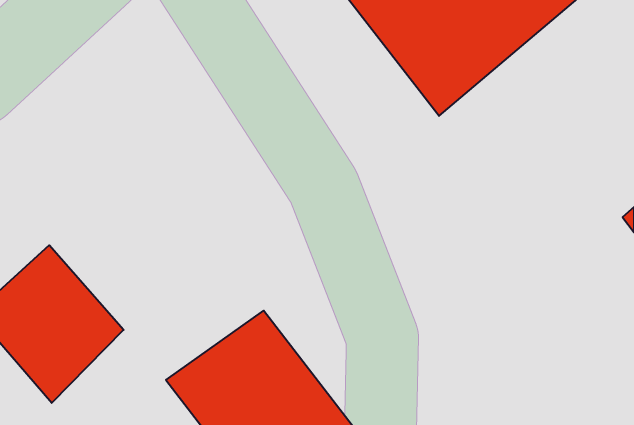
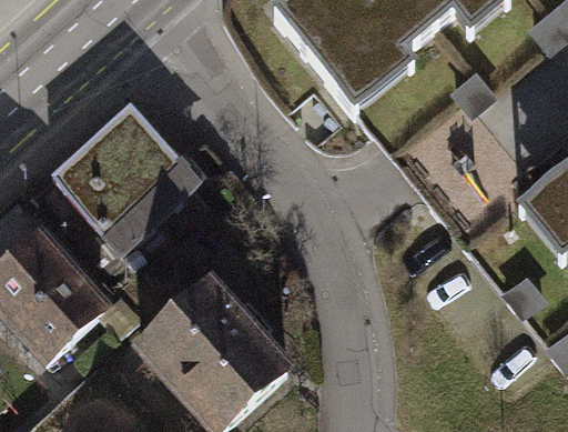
building: none -> [41,102,197,253]

